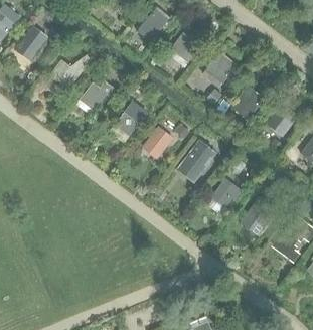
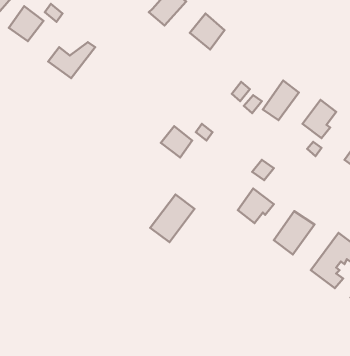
building: [206,52,237,88] -> none
building: [81,80,116,110] -> none
building: [115,101,148,136] -> none
building: [178,141,215,181] -> [150,194,195,242]

